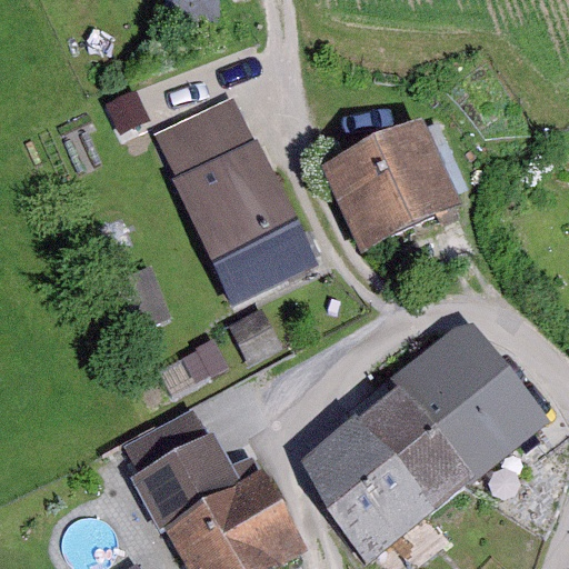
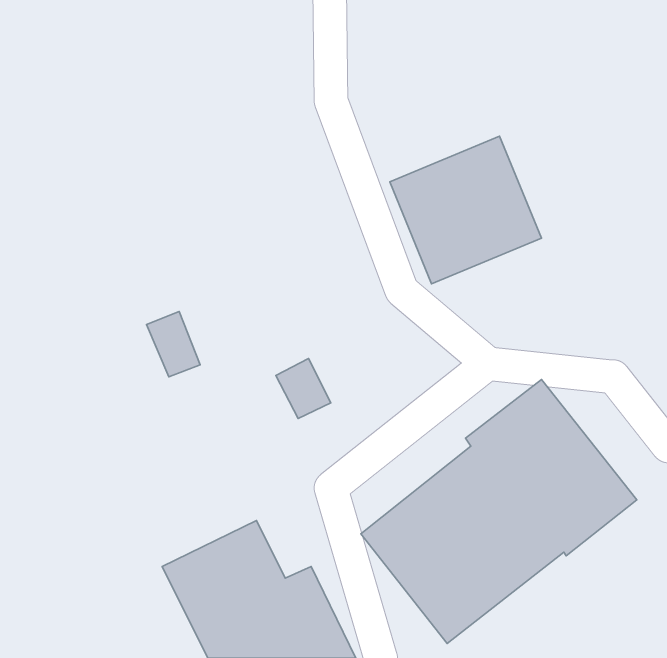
building: [156,100,309,306] -> none

